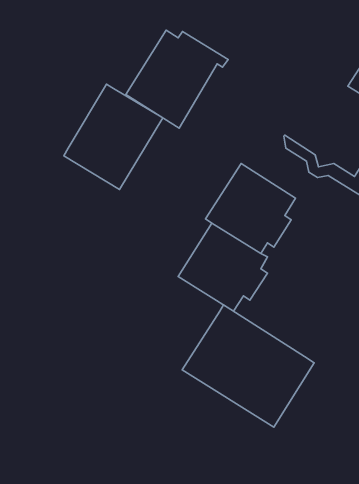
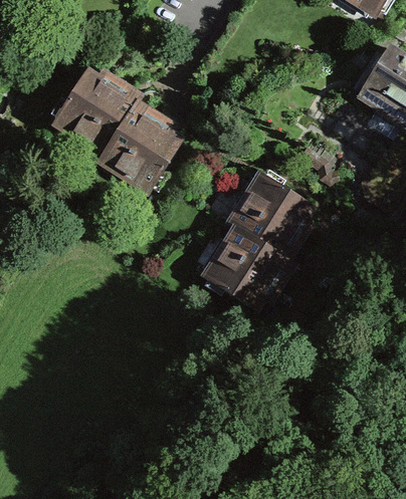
building: [126,30,228,128] -> [48,65,143,156]
building: [182,305,314,427] -> none

